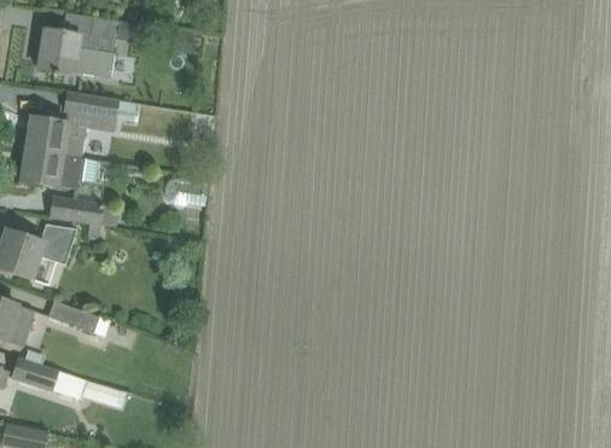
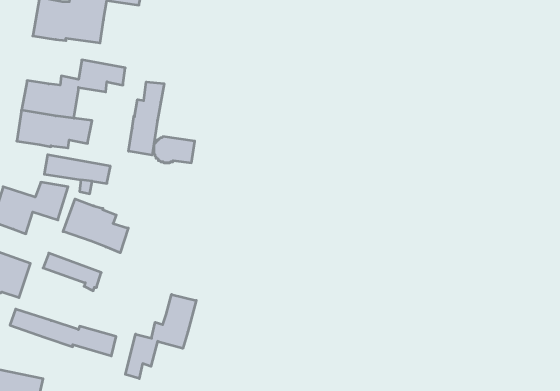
building: none -> [129,82,164,155]
building: none -> [63,199,128,253]
building: none -> [125,294,196,379]

